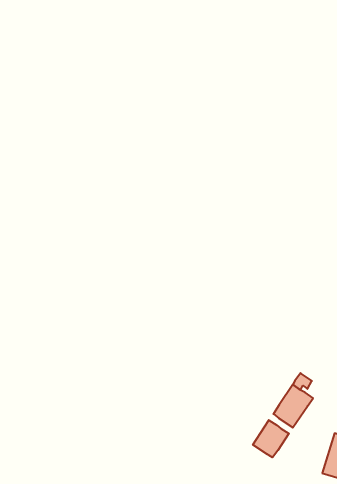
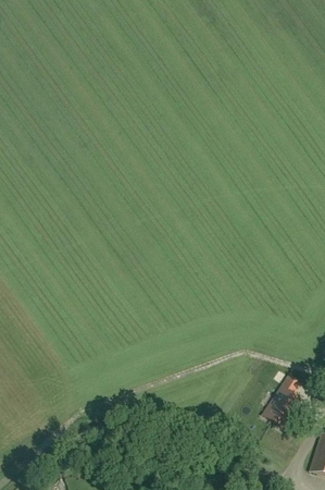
building: [253,420,289,457] -> none

